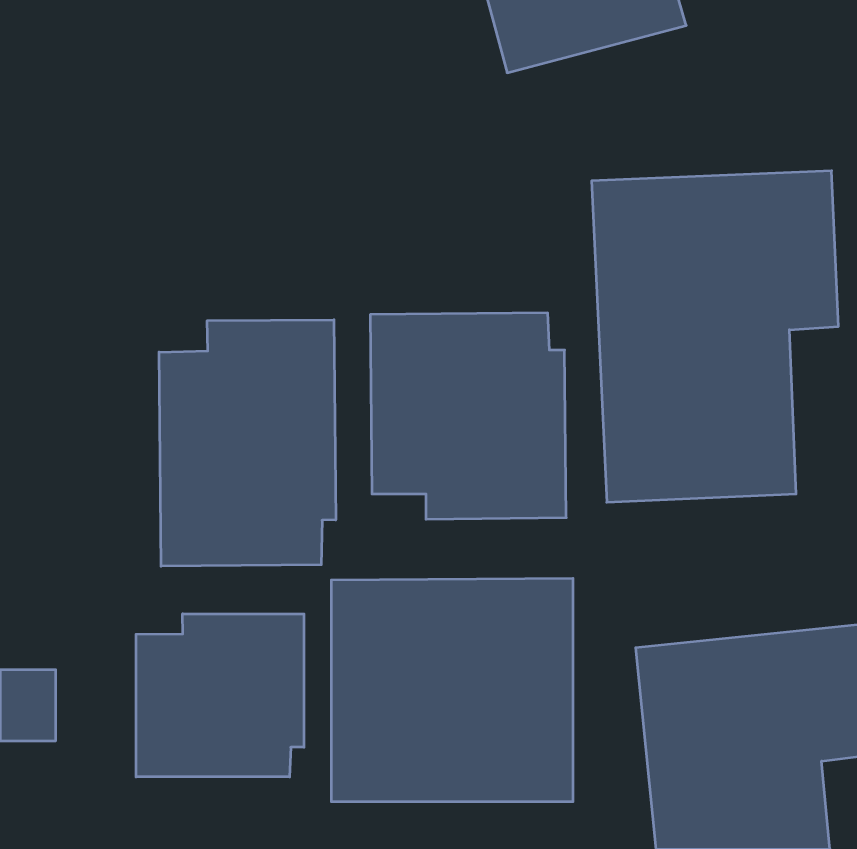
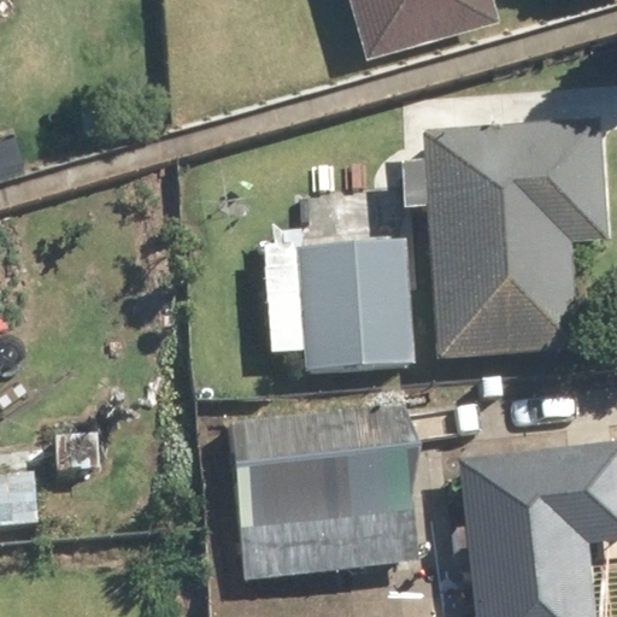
building: [159,320,336,566] -> none
building: [136,614,304,777] -> none

